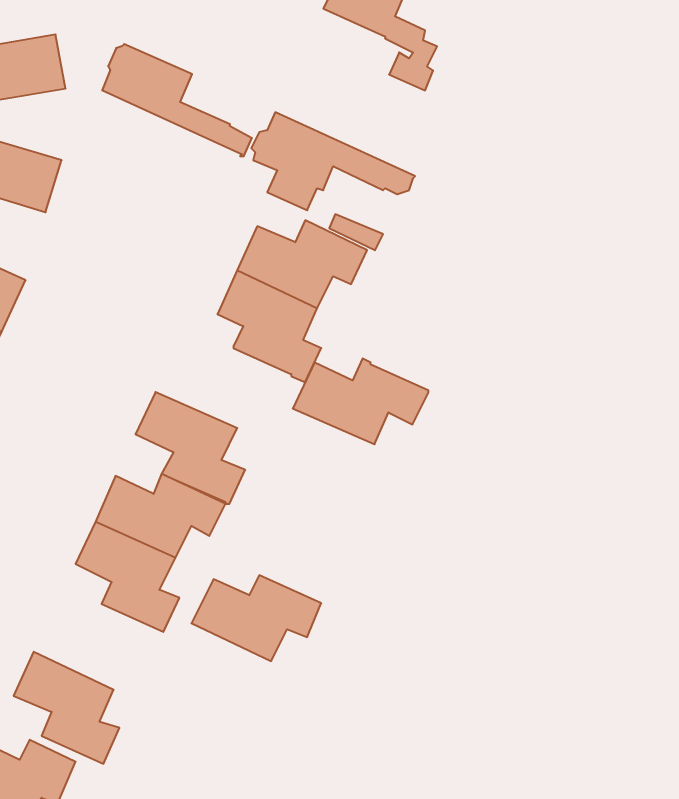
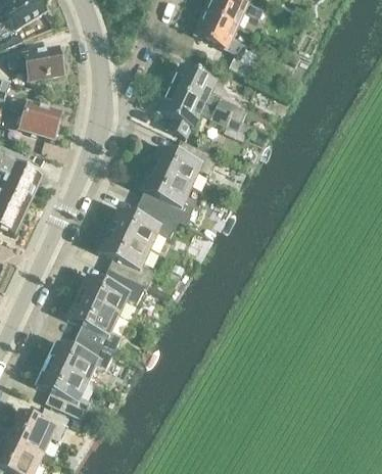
building: [102,44,252,156] -> [170,63,246,121]
building: [293,358,428,444] -> [108,204,178,248]
building: [191,575,321,661] -> [46,338,112,382]

